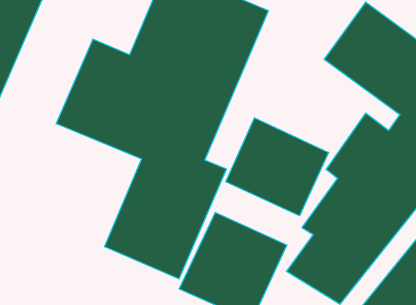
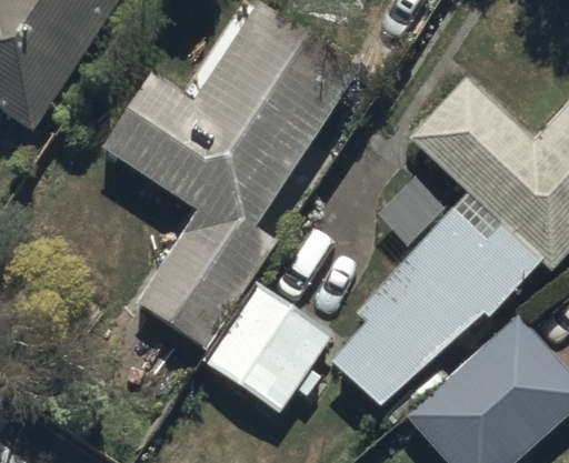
building: [226,118,329,216] -> none

